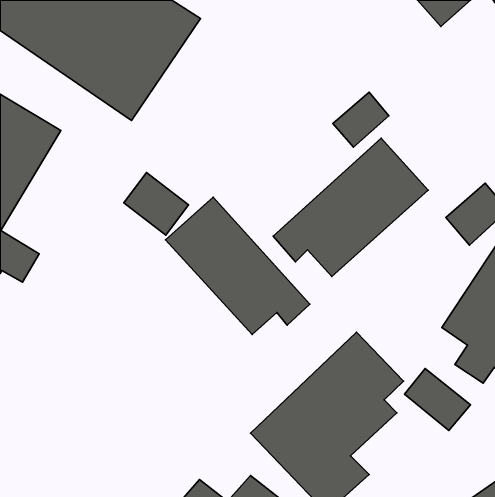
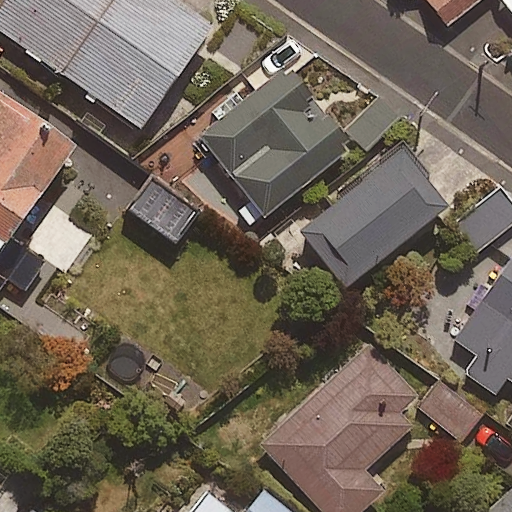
building: none -> [200,66,354,228]
building: [166,197,310,334] -> none

